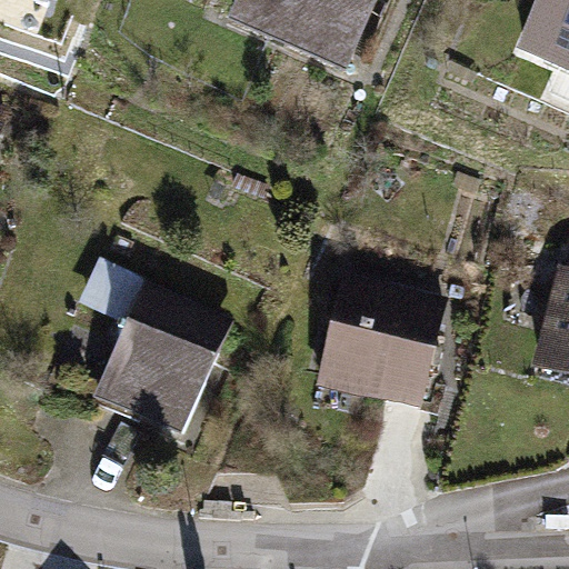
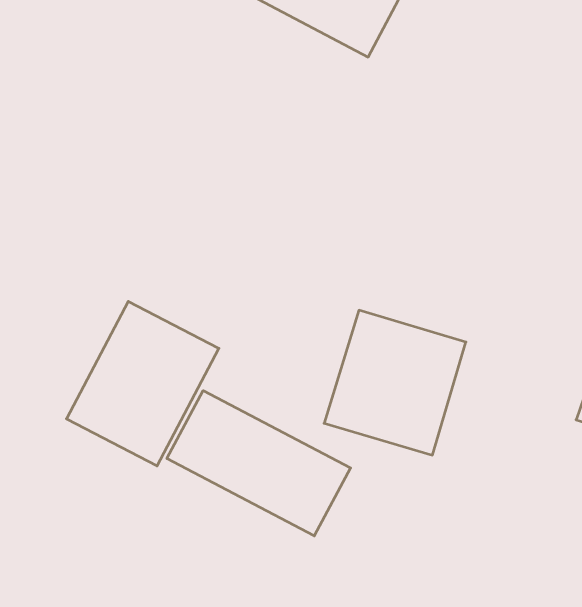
building: none -> [167,391,351,536]

